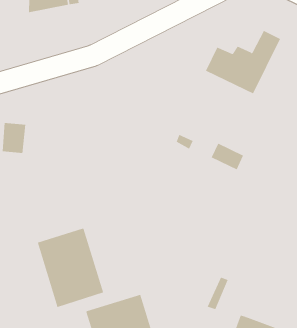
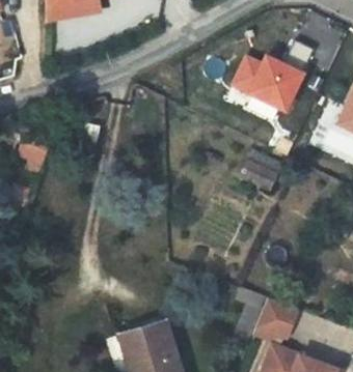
building: [37,228,104,308] -> none
building: none -> [253,298,295,346]

